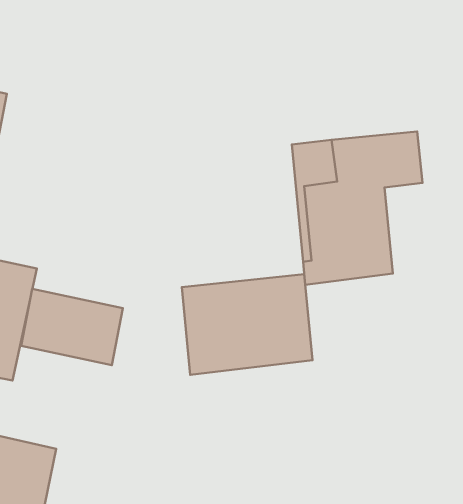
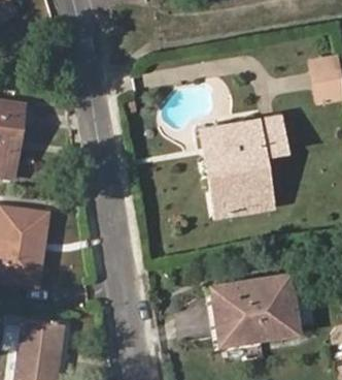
building: [182,274,313,375] -> [213,274,298,341]
building: [21,289,123,365] -> none

